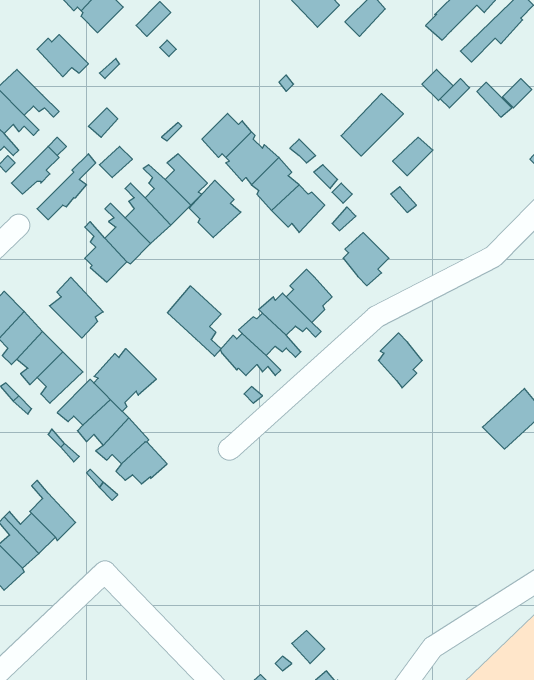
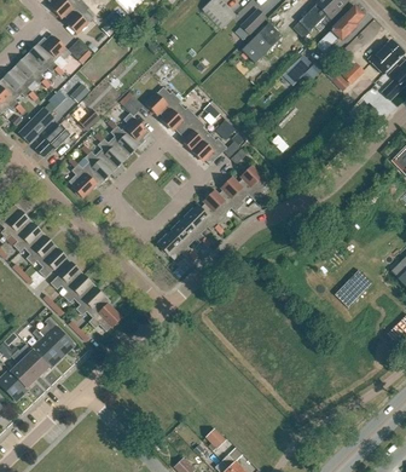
building: none -> [24,44,64,75]
building: [341,94,403,156] -> [243,22,284,63]
building: [189,180,241,238] -> none
building: [49,277,103,338] -> none
building: [167,286,221,356] -> none
building: [378,333,422,388] -> [220,175,249,212]
building: [94,349,156,411] -> none
building: none -> [45,317,75,356]

